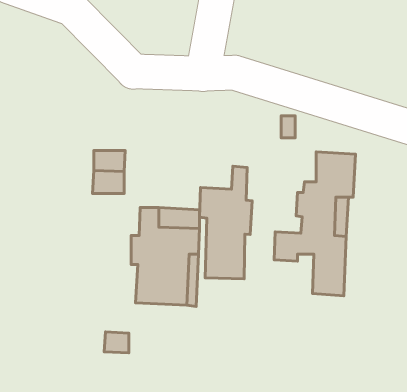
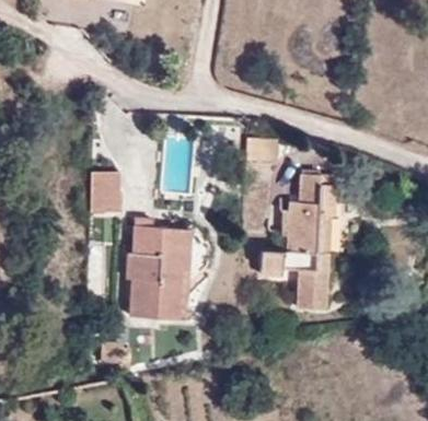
building: [200,166,252,279] -> none

